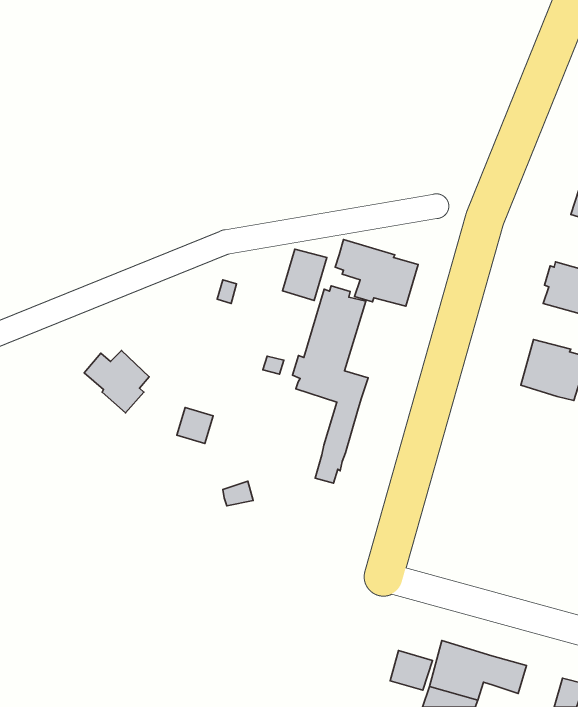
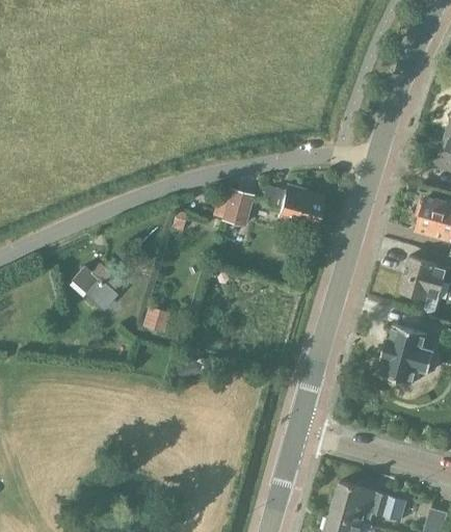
building: [292,286,368,483] -> none
building: none -> [380,325,434,383]
building: [390,651,432,690] -> none

